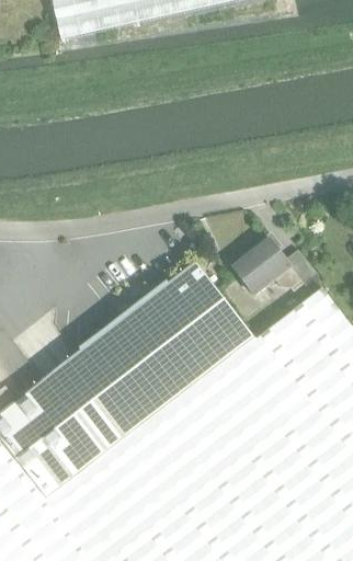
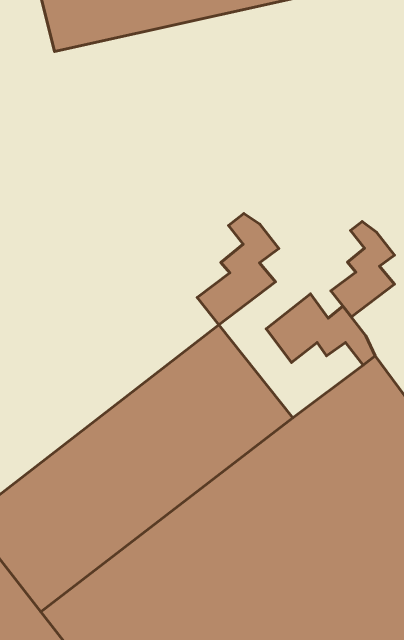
building: none -> [197,214,279,325]
building: none -> [331,221,395,317]

